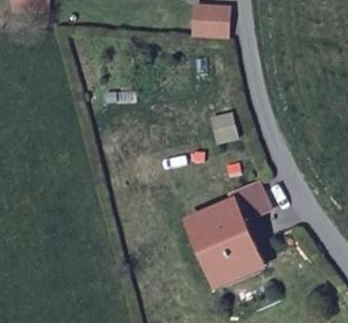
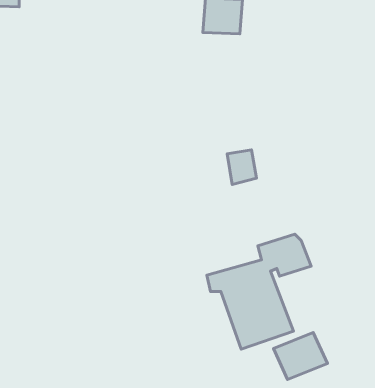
building: none -> [274,333,327,380]

